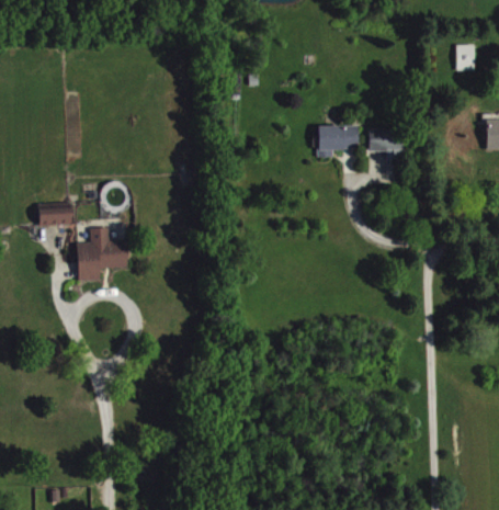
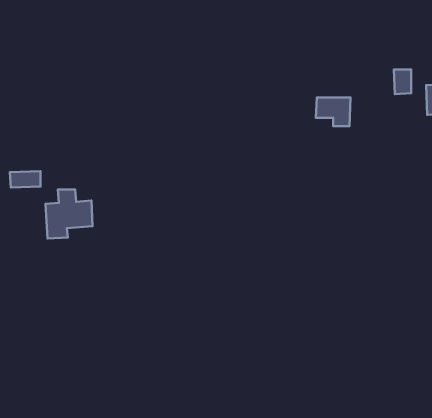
building: [455,44,474,70] -> [394,70,411,94]
building: [317,124,358,157] -> none

